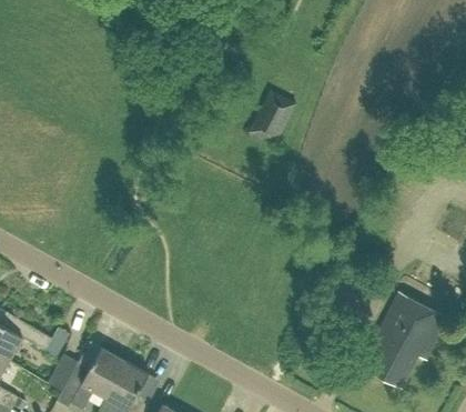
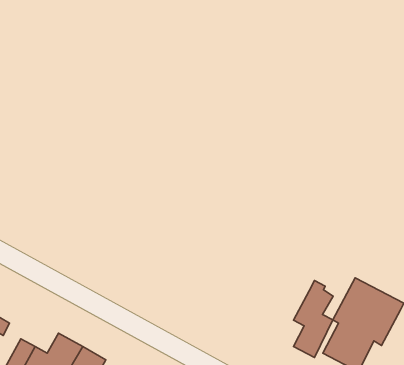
building: [246,91,294,145] -> none
building: none -> [293,281,333,358]

